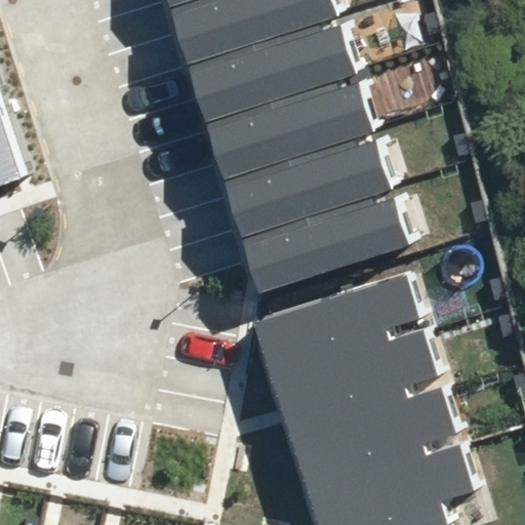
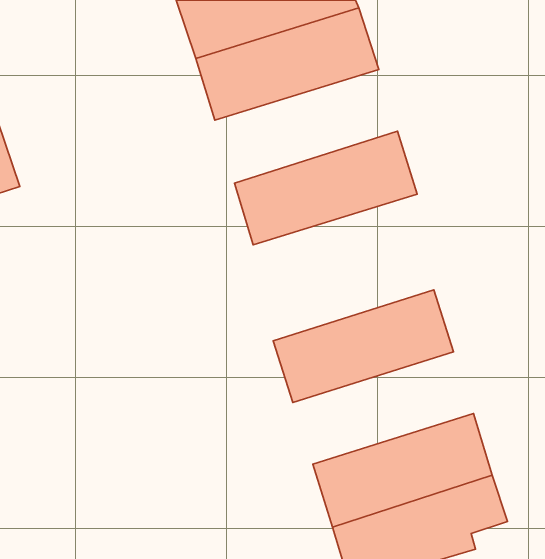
building: [200,69,370,174] -> none
building: [236,185,407,289] -> none
building: [273,331,441,436] -> none

